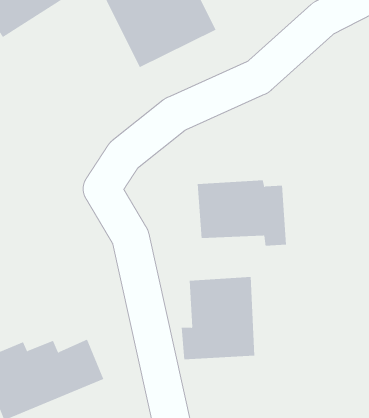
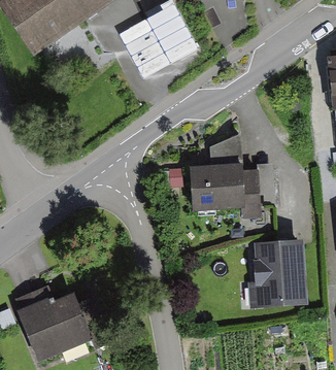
building: [181,276,255,360] -> [246,239,305,305]

